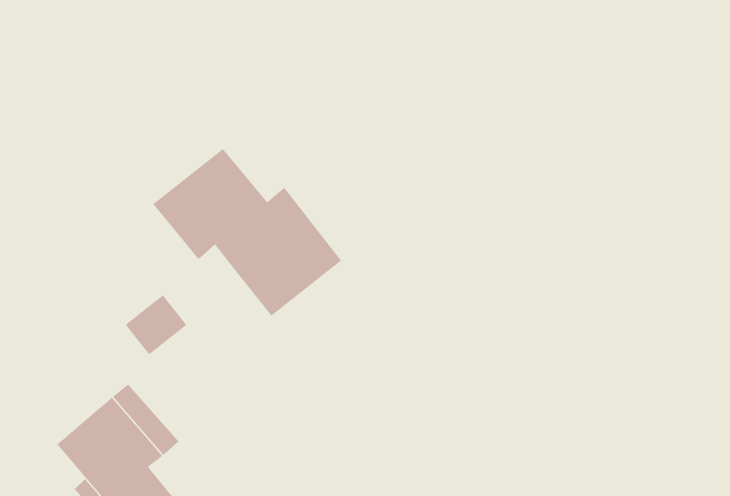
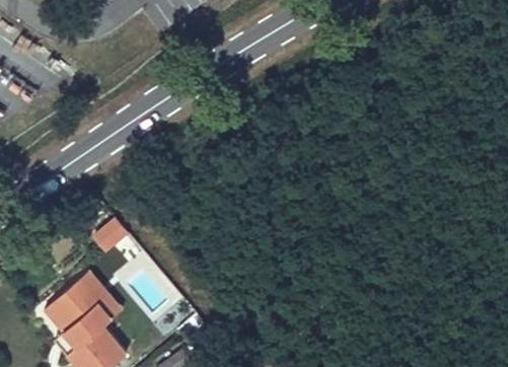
building: [152,148,342,317] -> none

